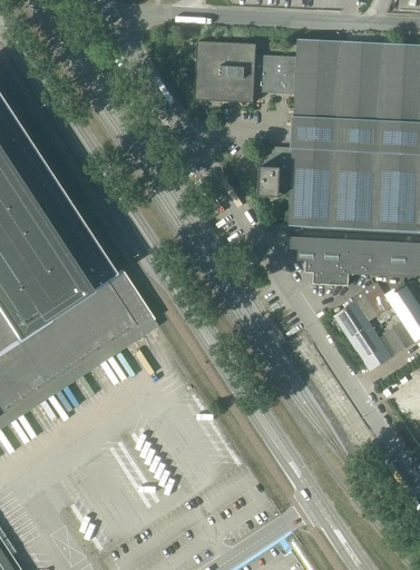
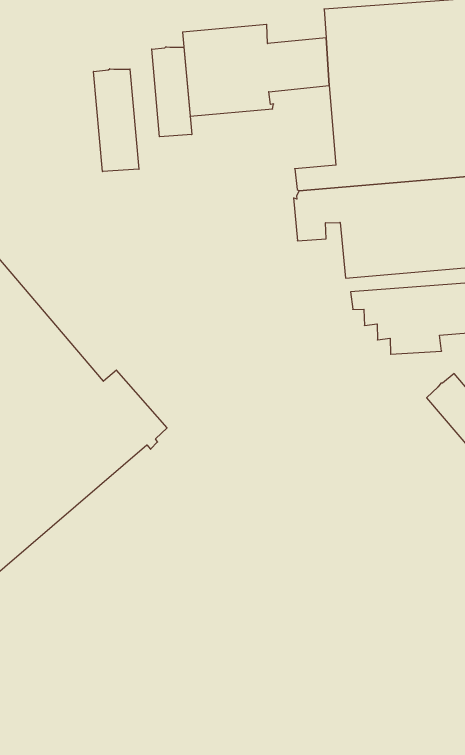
building: none -> [152,47,192,137]
building: none -> [94,69,139,172]

